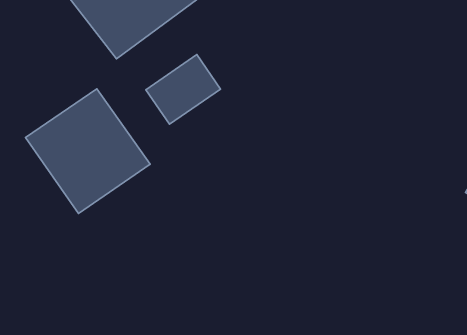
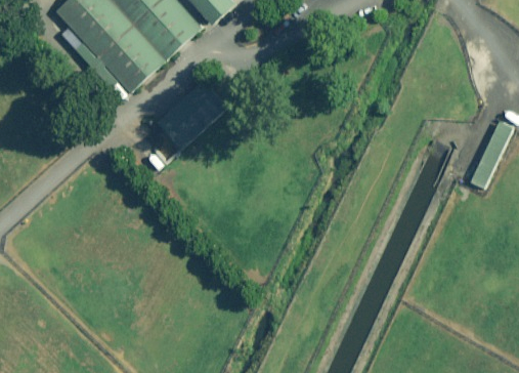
building: [25,89,150,213] -> none

